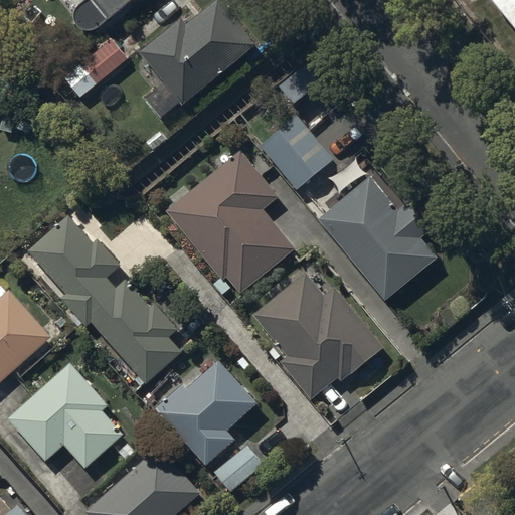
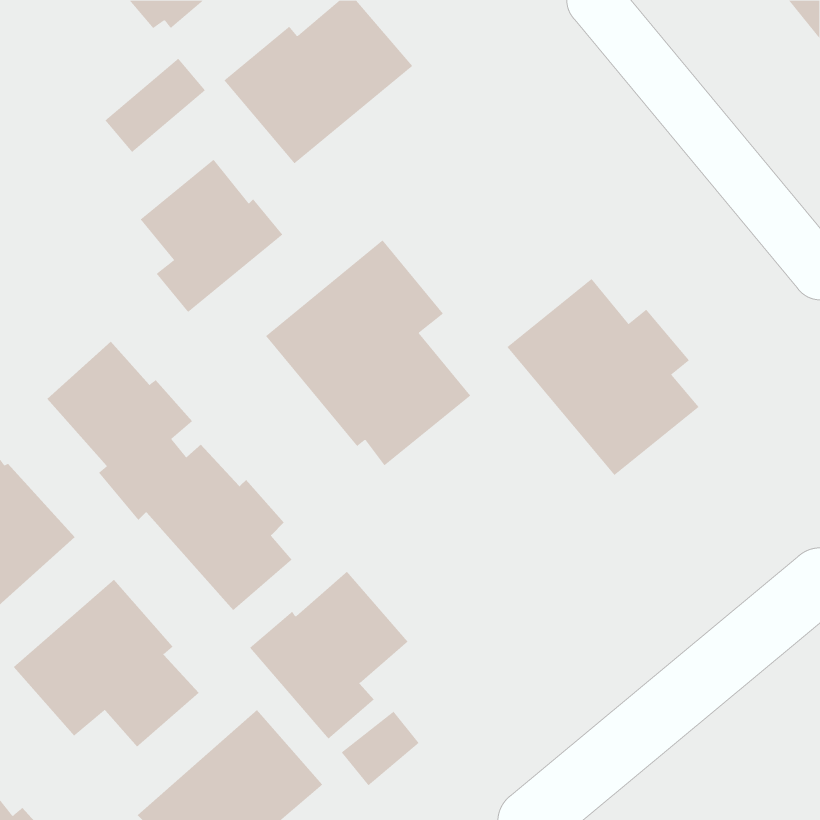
building: none -> [140,159,283,313]
building: [259,113,334,189] -> none
building: [252,271,382,399] -> none

